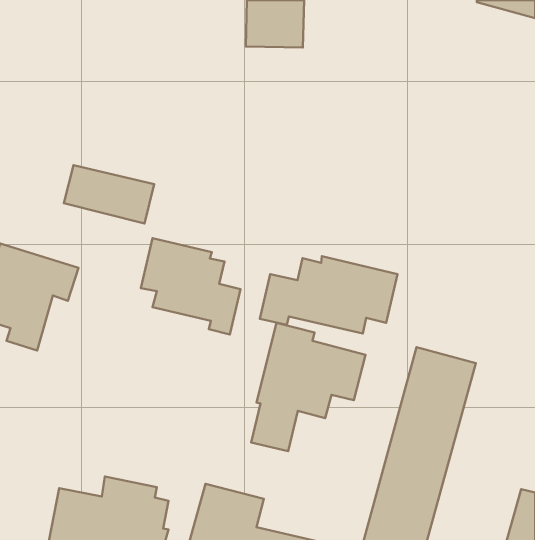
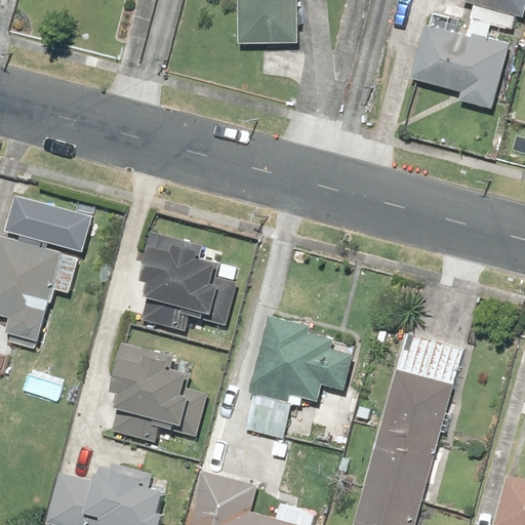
building: none -> [413,21,510,112]
building: [64,165,154,223] -> [5,196,92,252]
building: [260,256,397,334] -> none
building: none -> [112,344,205,438]

